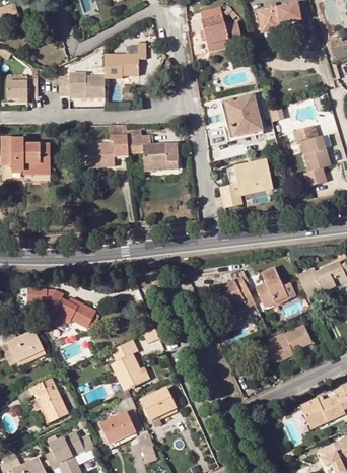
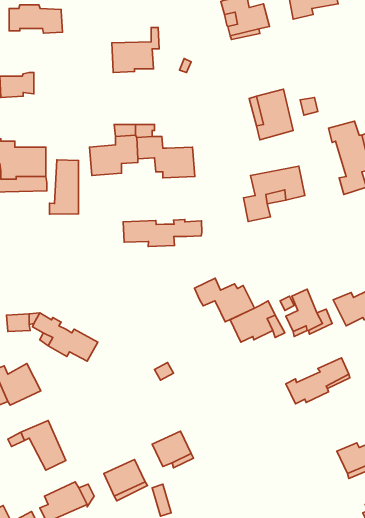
building: [63,74,109,98] -> [9,5,63,33]
building: none -> [49,160,79,214]
building: none -> [123,219,202,247]
building: none -> [195,278,254,322]
building: [111,338,149,390] -> none

